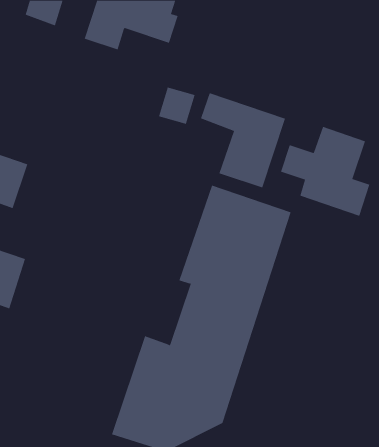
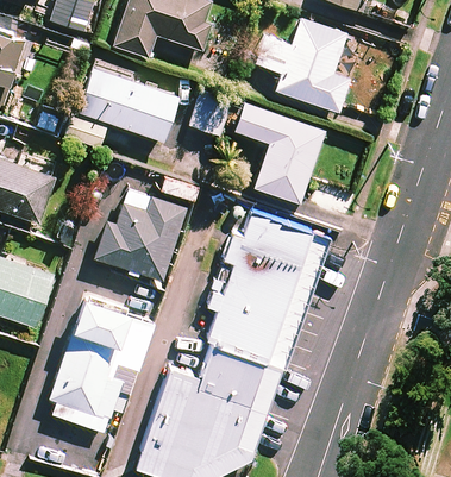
building: none -> [68,68,177,149]
building: [280,126,370,216] -> [255,18,349,112]
building: none -> [94,189,184,280]
building: none -> [44,294,152,432]

